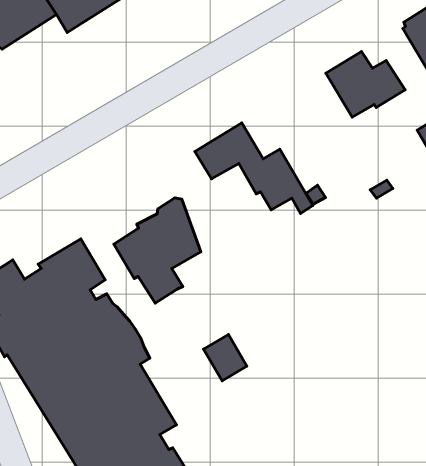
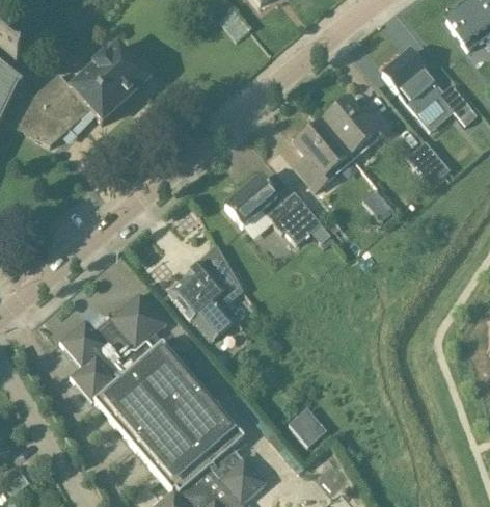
building: none -> [294,122,350,190]
building: [204,335,247,381] -> [287,404,325,444]

